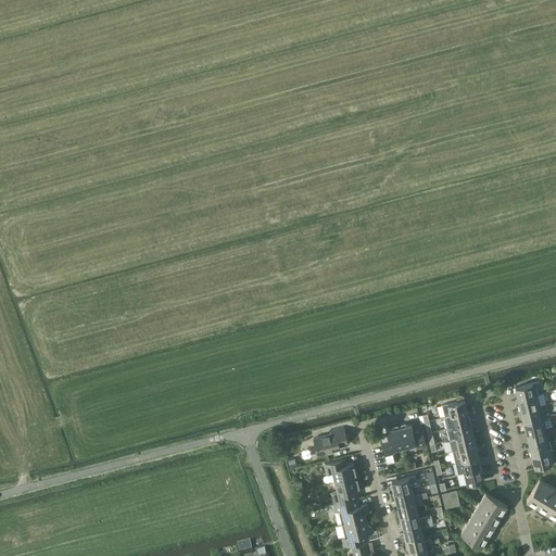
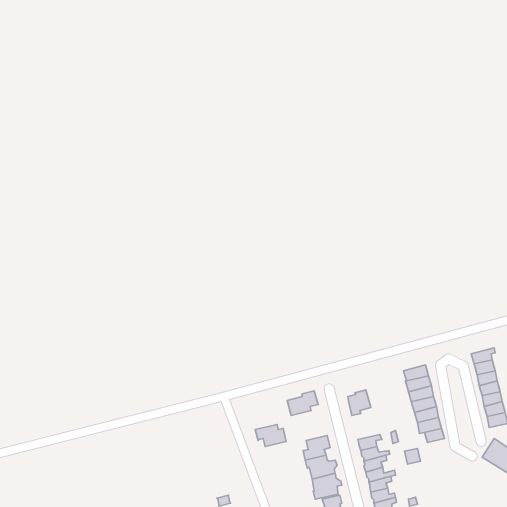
building: [401,424,427,447] -> none
building: [325,458,358,482] -> [255,425,286,446]
building: [462,493,508,546] -> none

